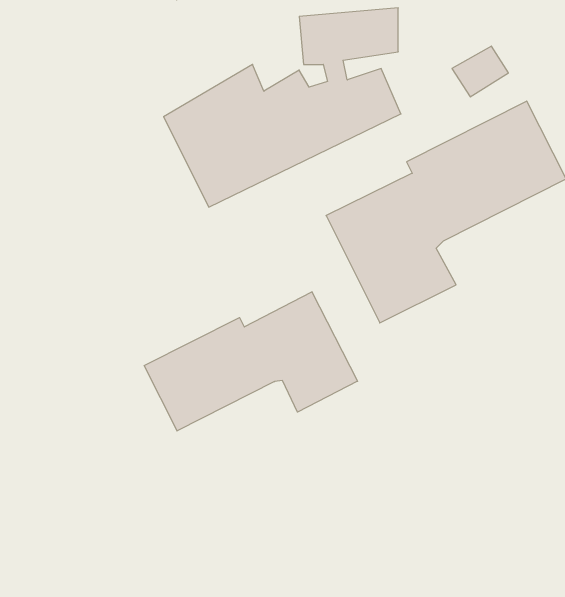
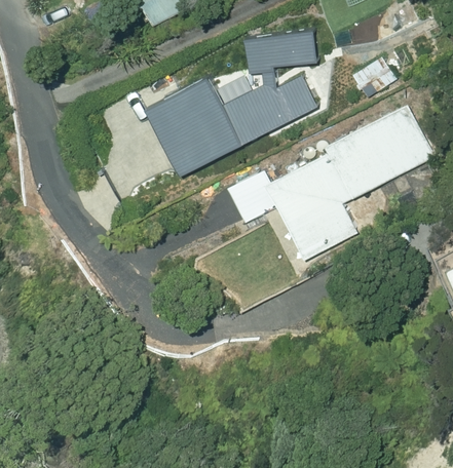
building: [144,292,358,431] -> none

